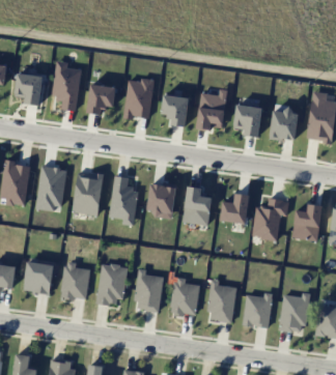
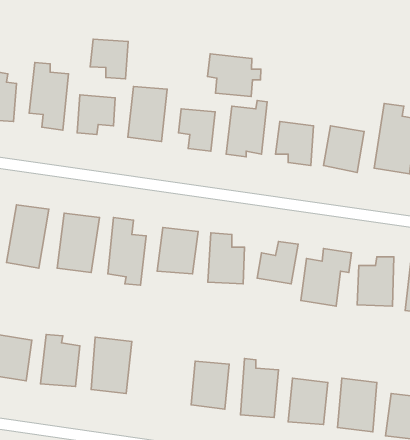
building: none -> [90,39,128,79]
building: none -> [208,54,261,96]
building: [135,268,163,312] -> none

